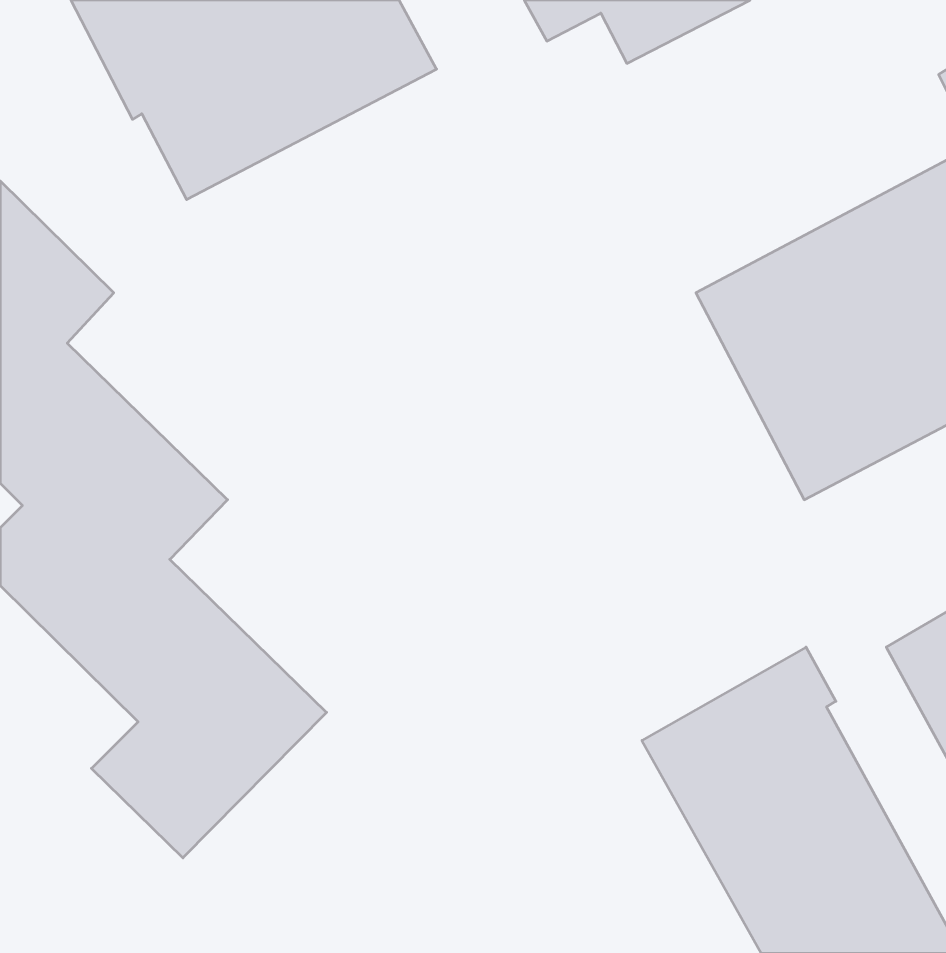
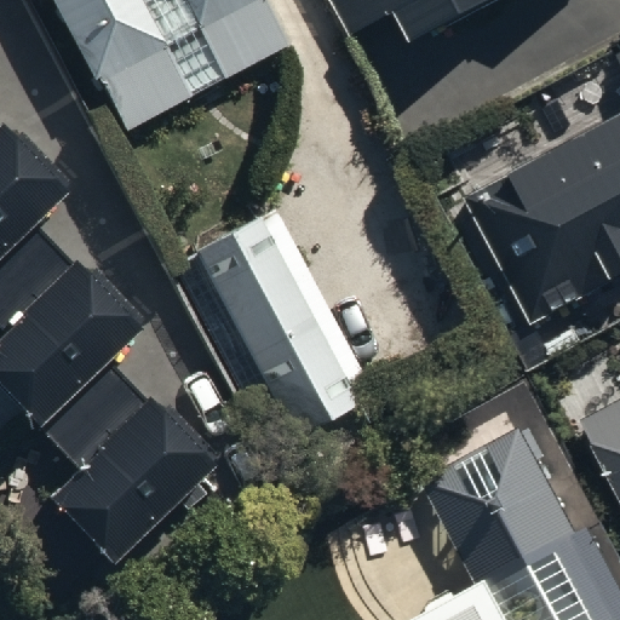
building: none -> [172,209,371,448]

